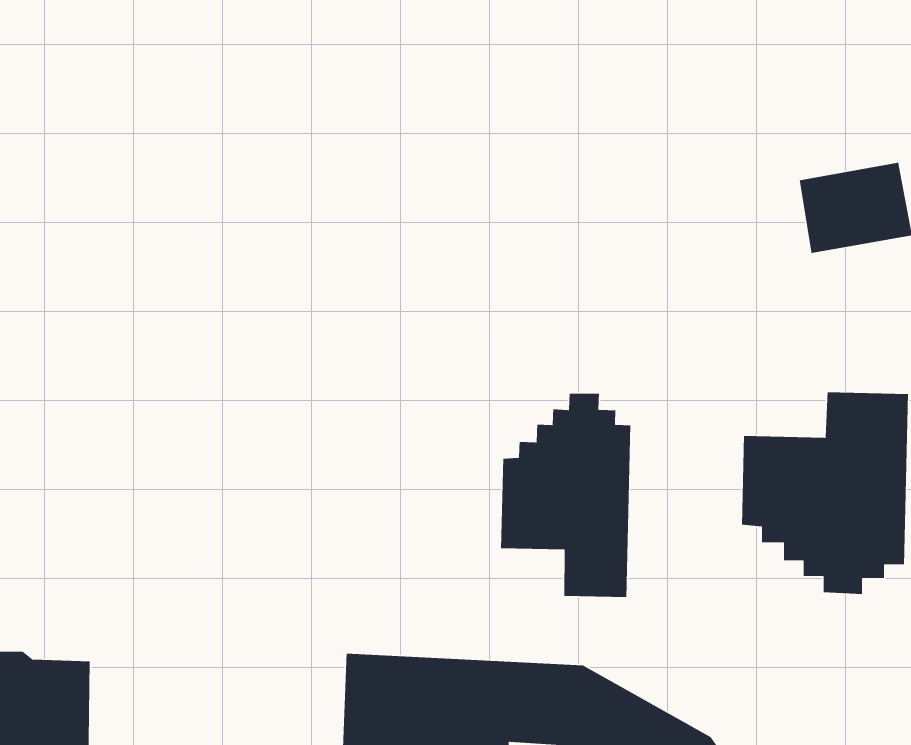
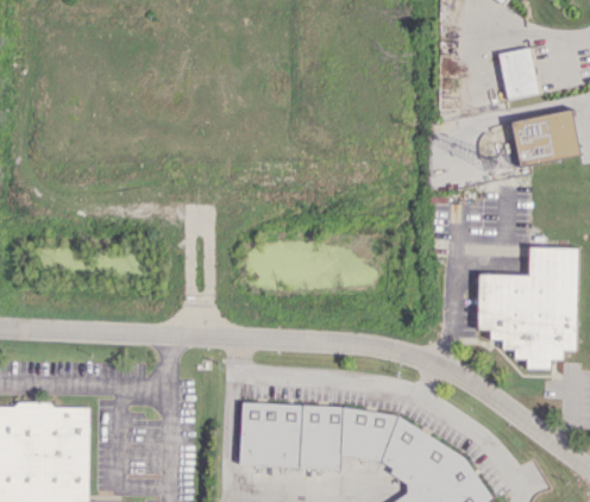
building: none -> [497,48,538,100]
building: [500,393,631,598] -> none

